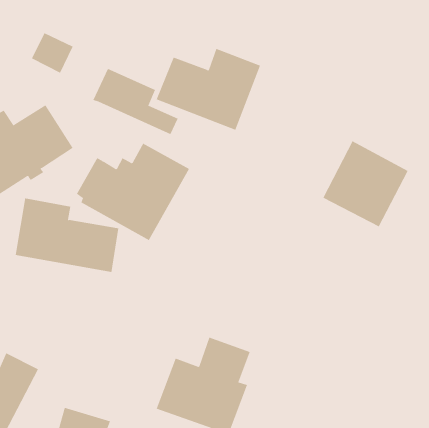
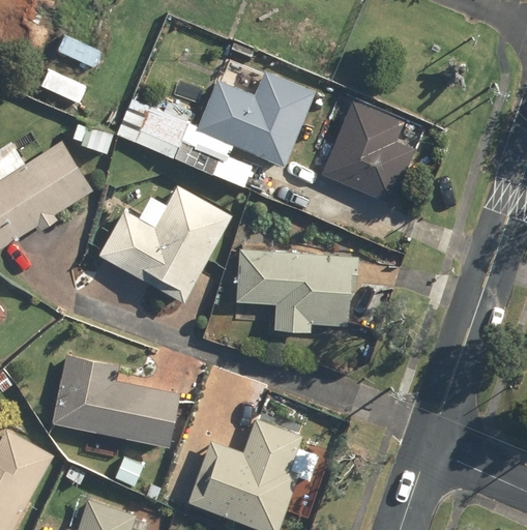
building: [323,141,409,227] -> [318,100,420,204]
building: none -> [236,247,382,333]
building: [15,198,119,272] -> [52,356,176,445]

